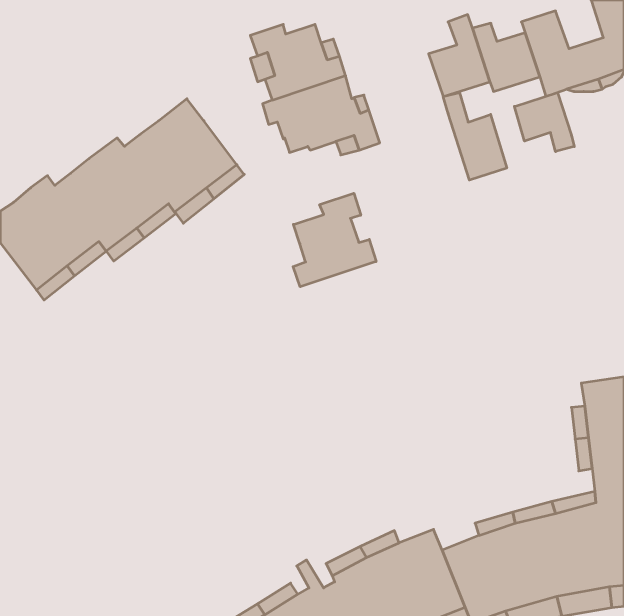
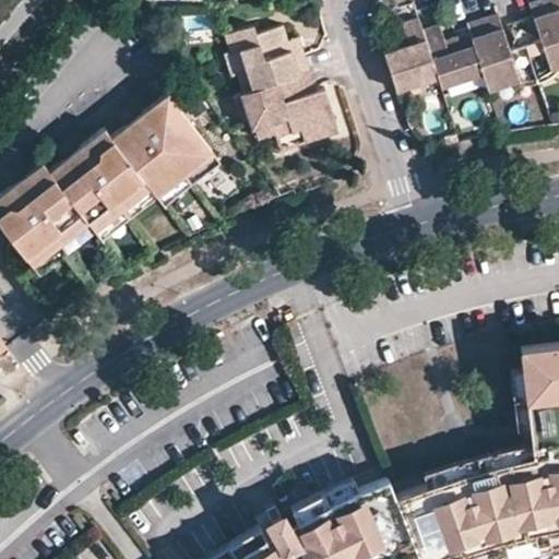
building: [443,93,507,180] -> none
building: [514,93,574,152] -> none
building: [293,193,376,287] -> none

